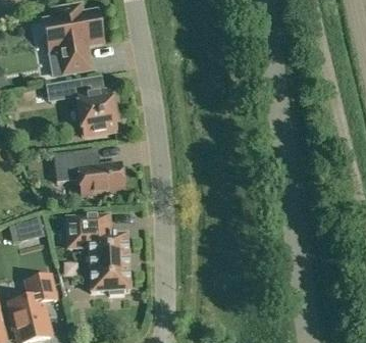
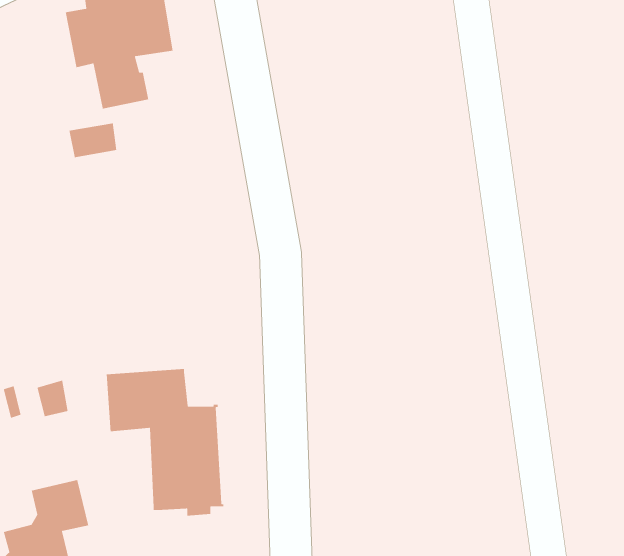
building: [76,88,119,135] -> none
building: [53,148,123,194] -> none

